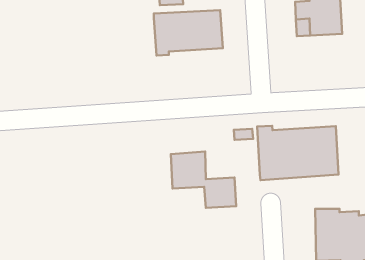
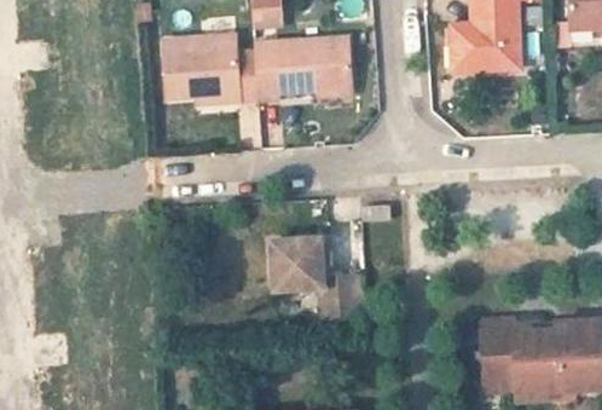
building: none -> [164,39,251,102]
building: [257,126,338,180] -> none

